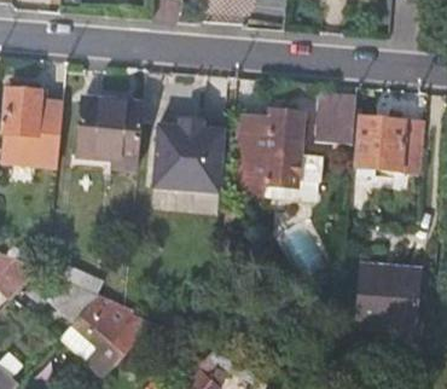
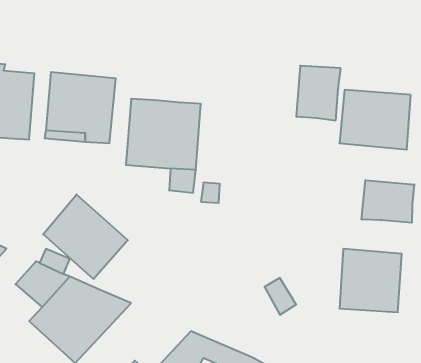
building: [231,111,321,196] -> none
building: none -> [361,180,414,223]
building: none -> [43,194,128,279]

